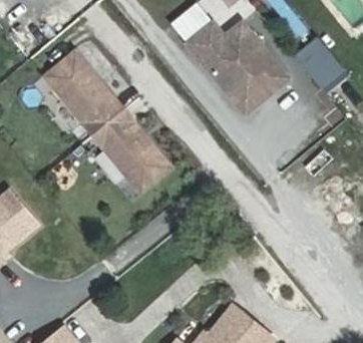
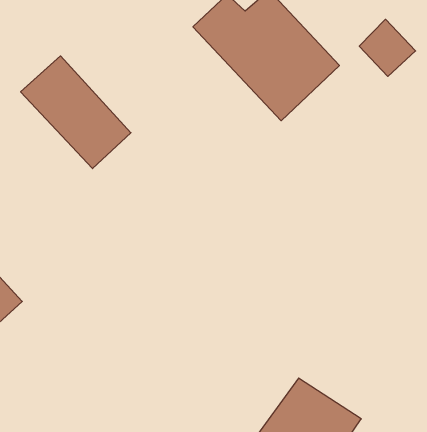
building: [94,112,171,195] -> none

